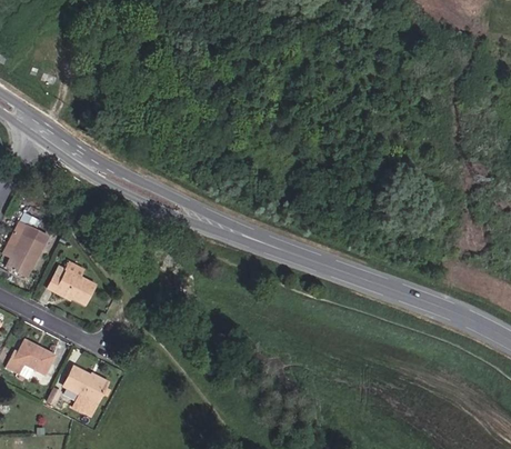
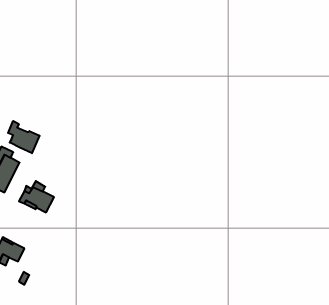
building: none -> [8,121,40,153]
building: [64,366,108,415] -> none

